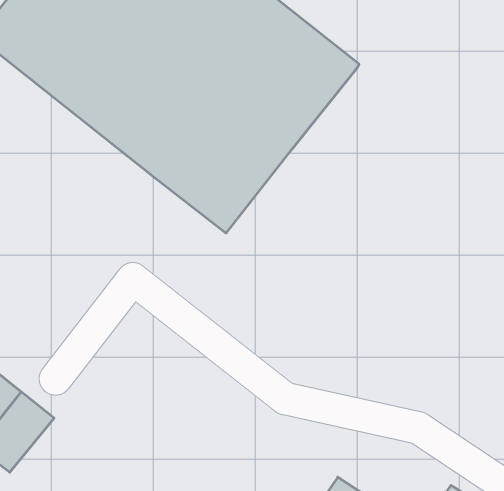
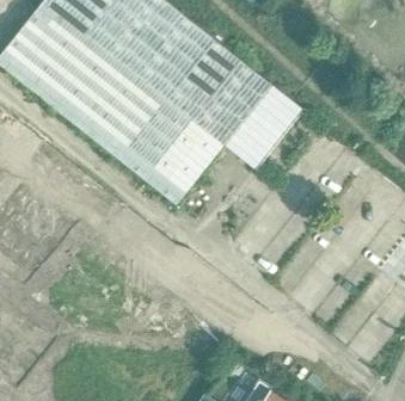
building: none -> [222,84,300,167]

